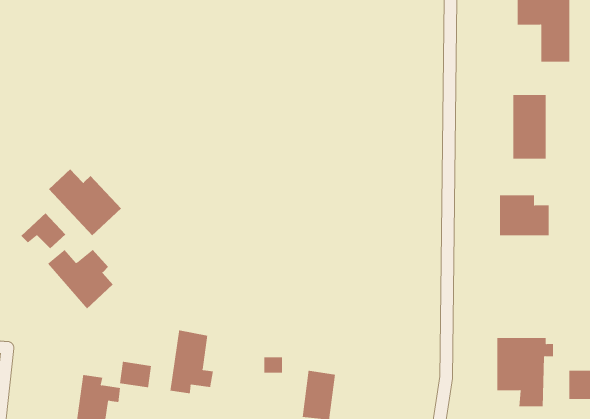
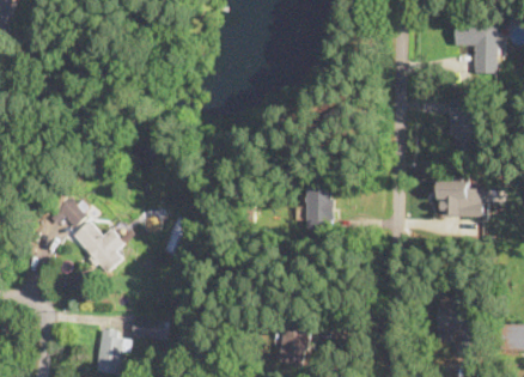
building: [48,168,122,236] -> none
building: none -> [305,187,331,229]
building: [170,329,213,394] -> none

